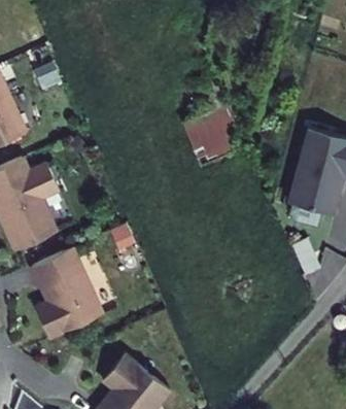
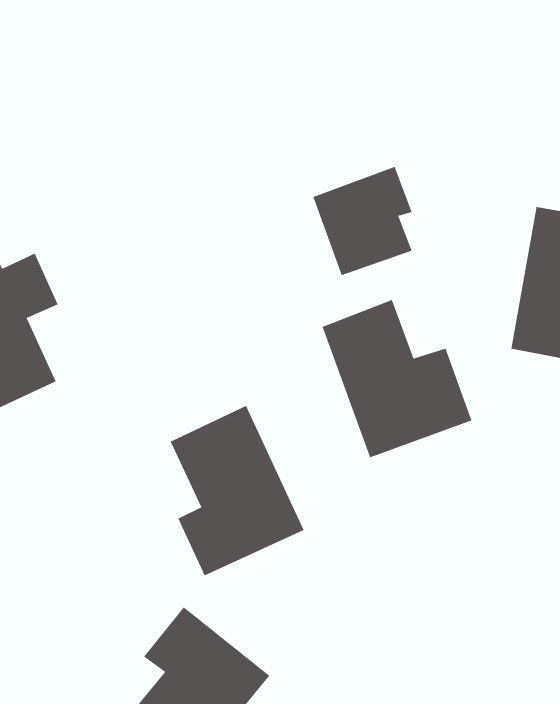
building: none -> [322,299,472,458]
building: [28,244,100,336] -> [170,405,304,576]

